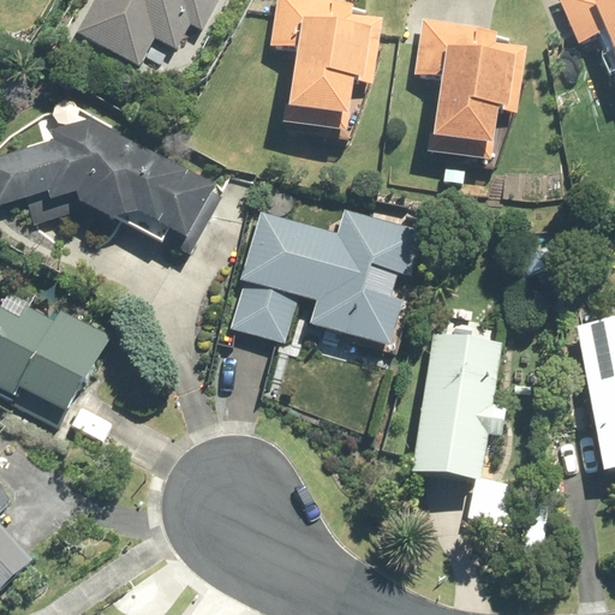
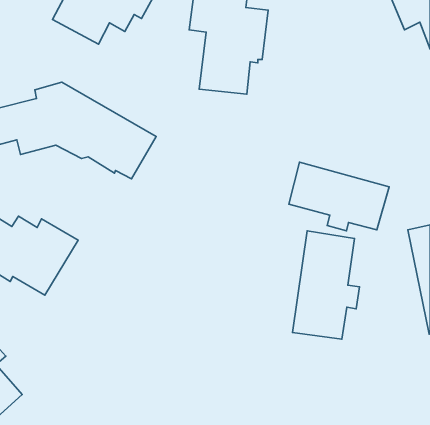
building: [413,13,524,163] -> none
building: [229,203,422,344] -> none
building: none -> [289,162,389,231]

